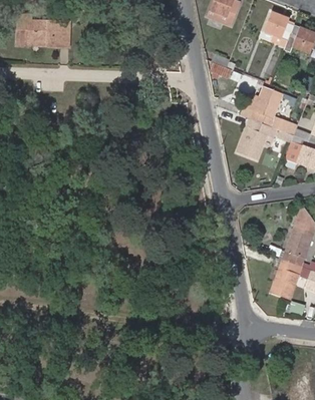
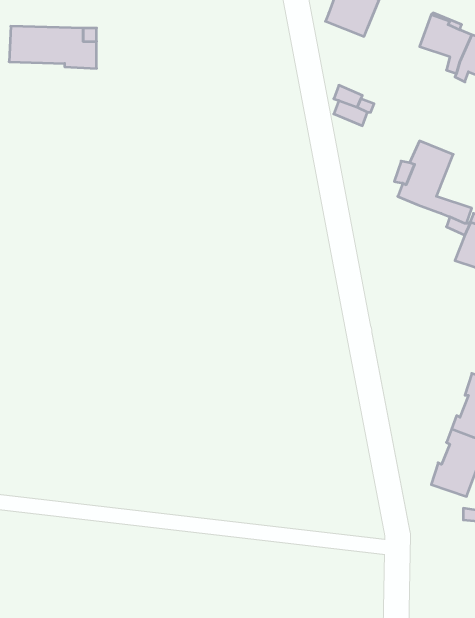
building: [236,120,275,160] -> none

